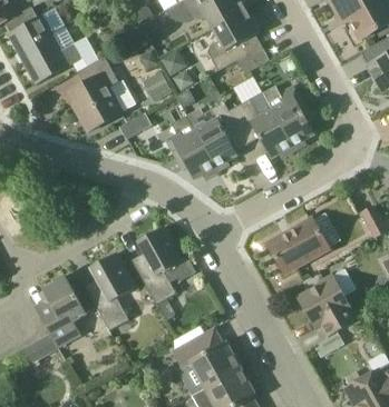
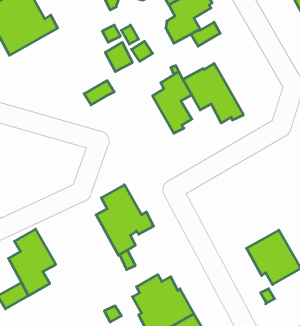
building: [71,56,124,131] -> none
building: [265,83,314,149] -> none
building: [165,128,217,178] -> none
building: [268,218,329,272] -> none
building: [84,251,135,329] -> none

